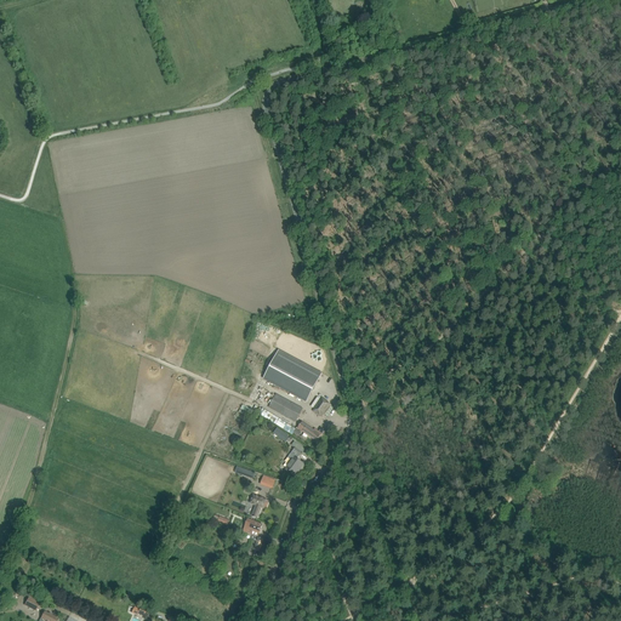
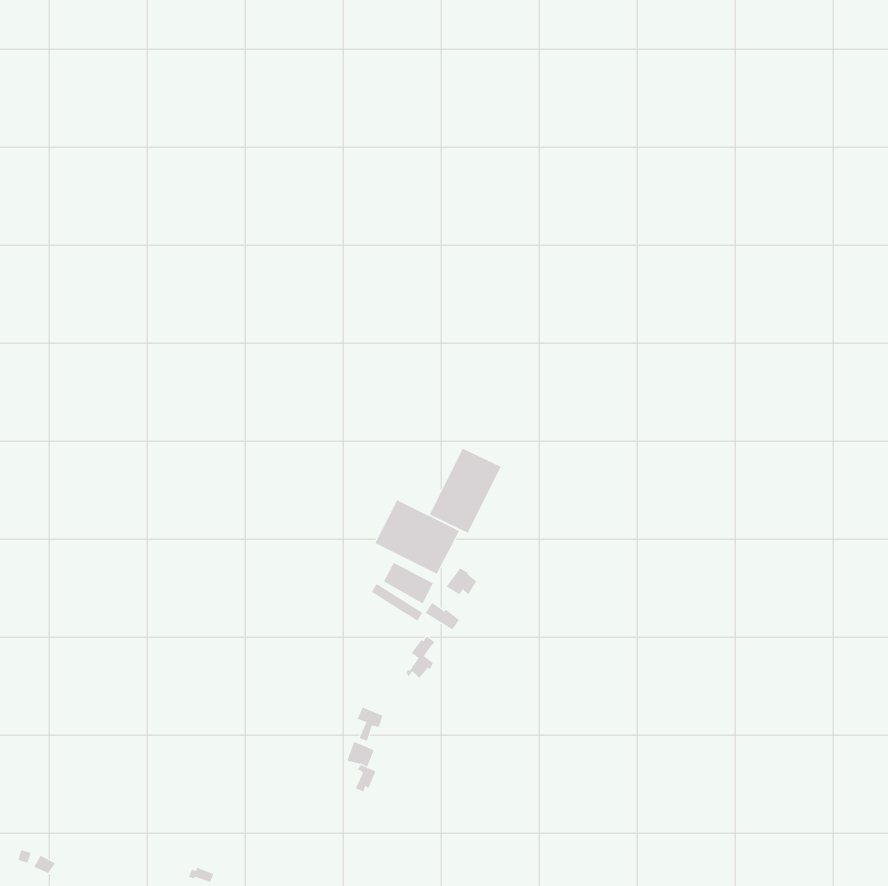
building: none -> [429,448,501,533]

